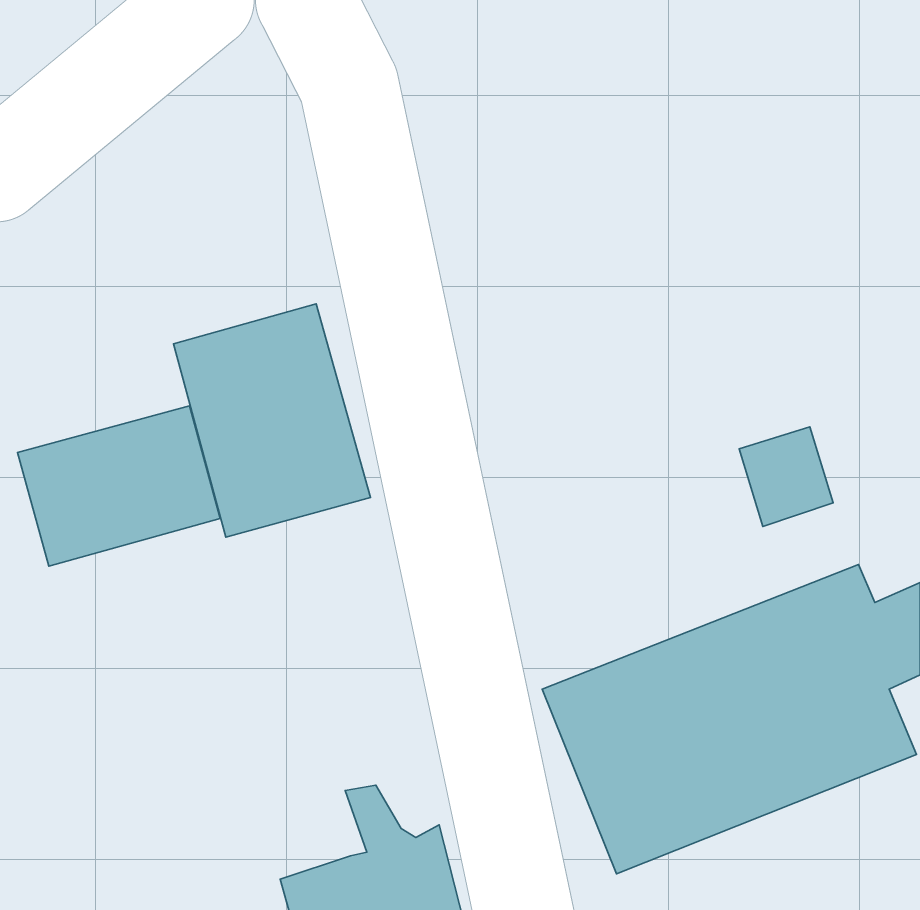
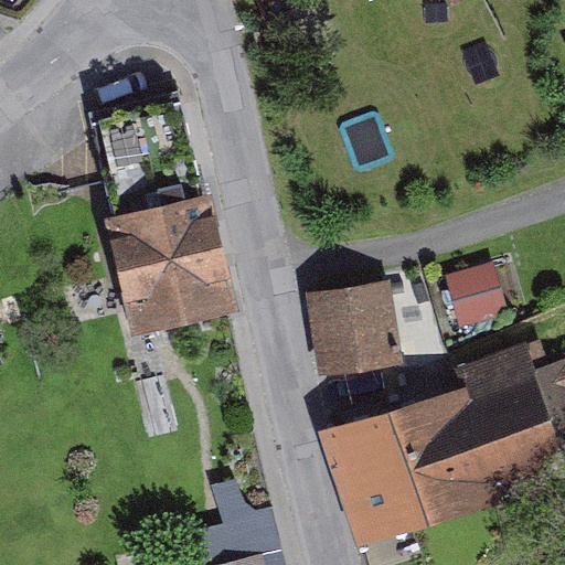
building: [17,406,220,566] -> none
building: none -> [313,278,398,366]

